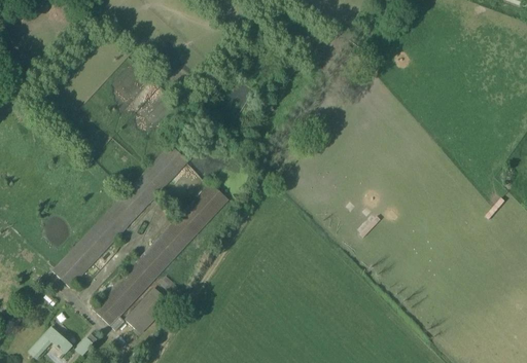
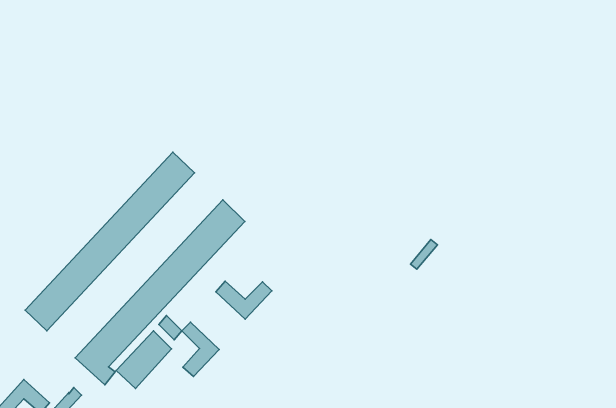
building: none -> [216,281,272,319]
building: none -> [182,322,219,377]

